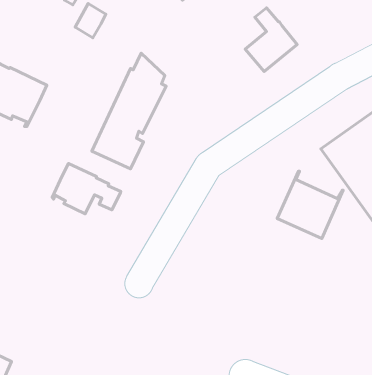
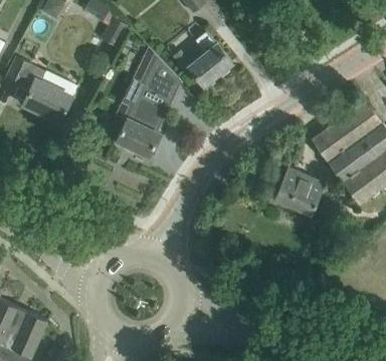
building: [245,8,297,72] -> [187,32,231,86]
building: [52,163,121,214] -> none

